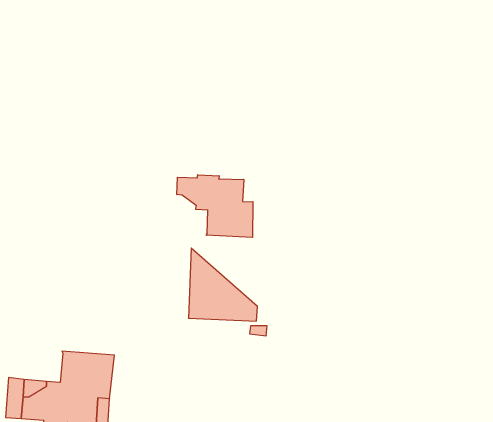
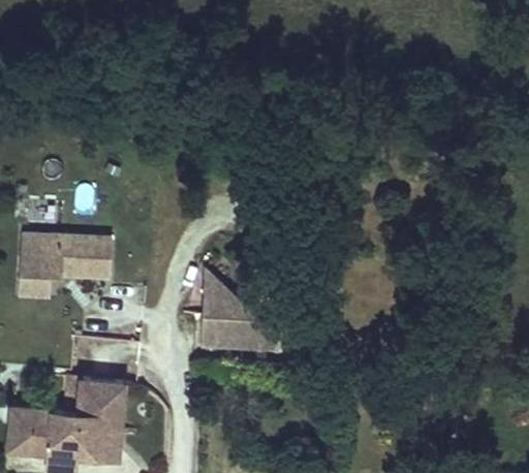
building: [177,175,253,237] -> none
building: none -> [21,232,112,294]

